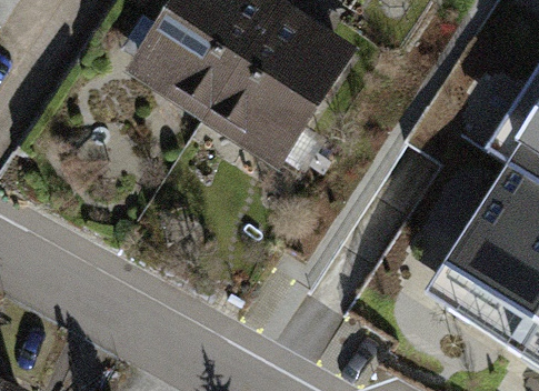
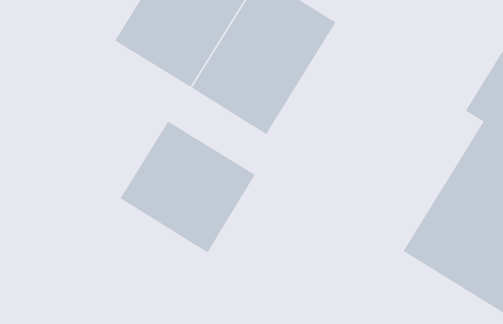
building: none -> [119,121,256,253]

